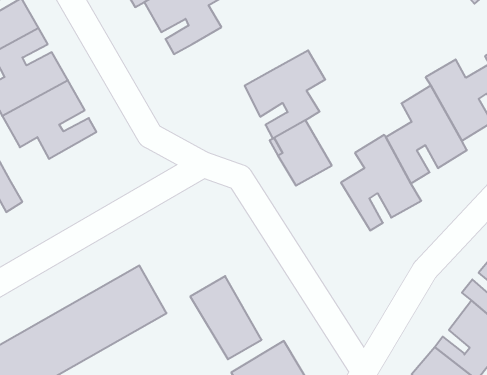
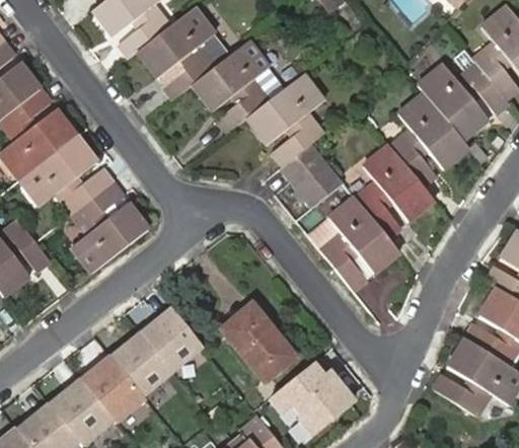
building: none -> [191,41,269,132]
building: none -> [70,182,145,275]
building: none -> [304,197,397,291]

